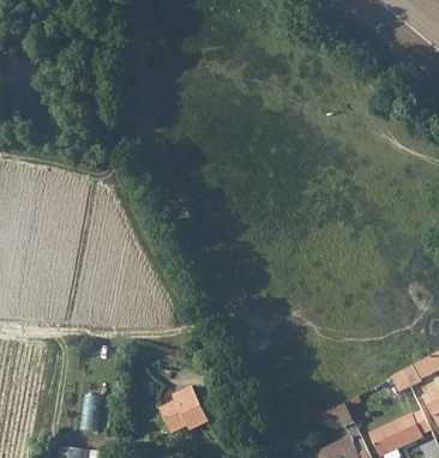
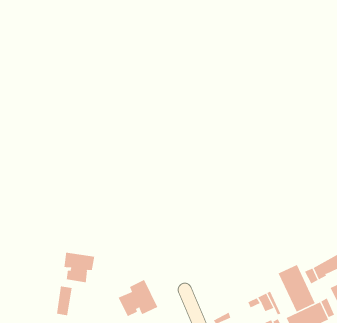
building: none -> [64,252,95,283]
building: none -> [278,264,316,312]

